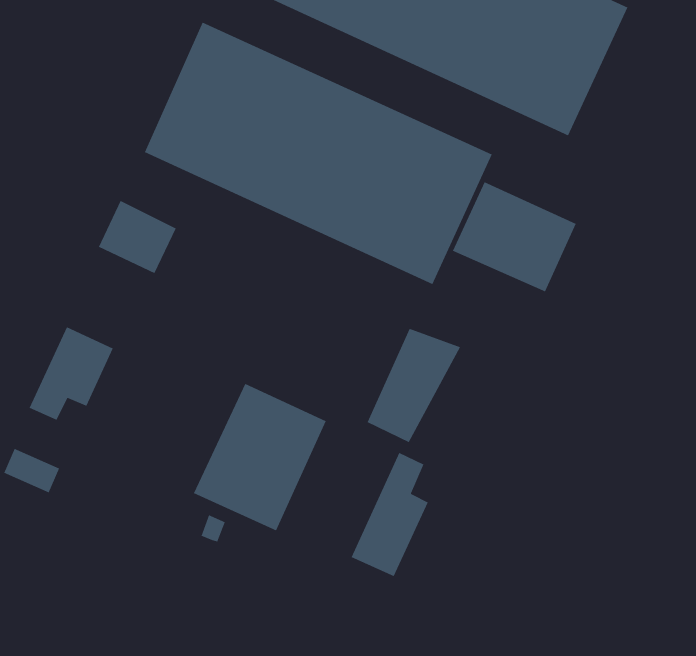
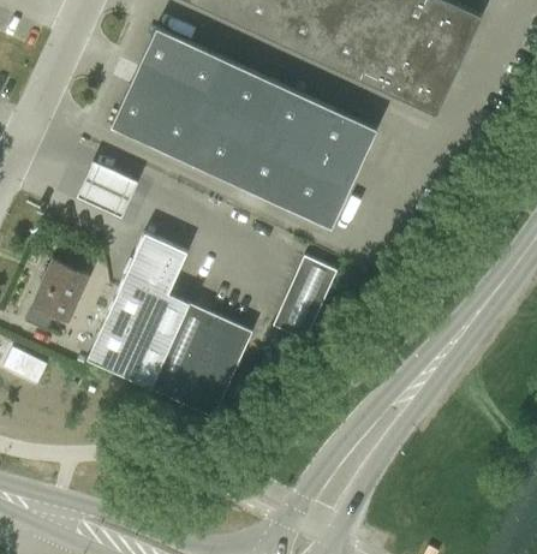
building: [452,181,577,293] -> none
building: none -> [86,233,187,387]
building: [350,452,429,577] -> none

